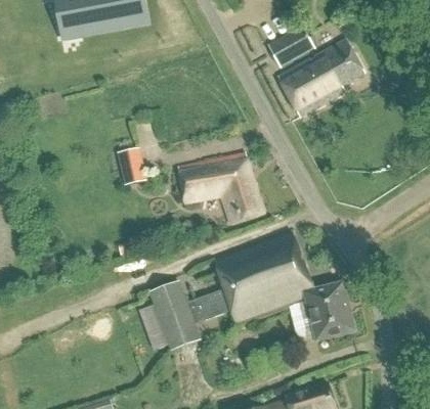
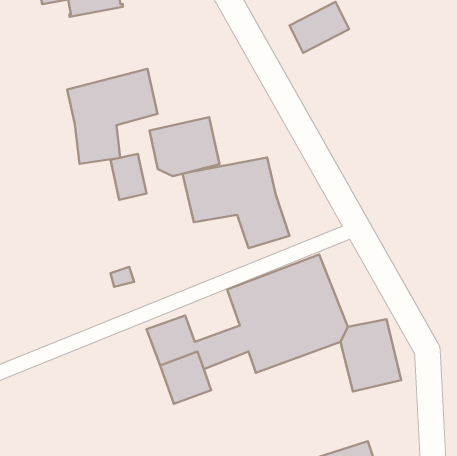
building: [276,39,364,118] -> none
building: none -> [67,69,157,164]
building: none -> [150,117,220,176]

